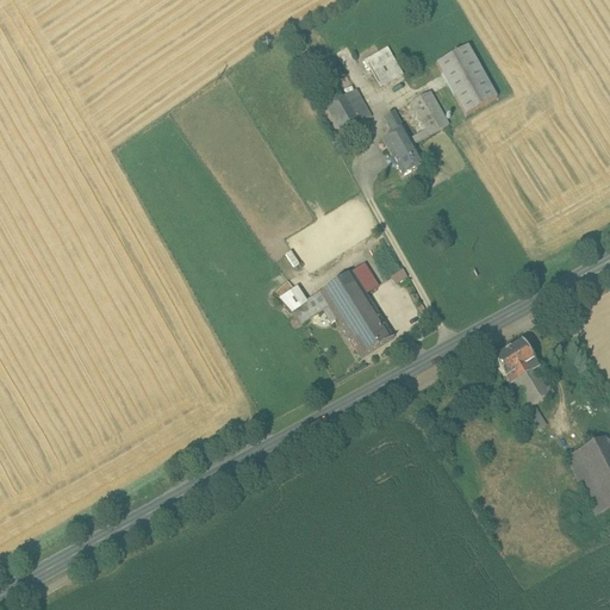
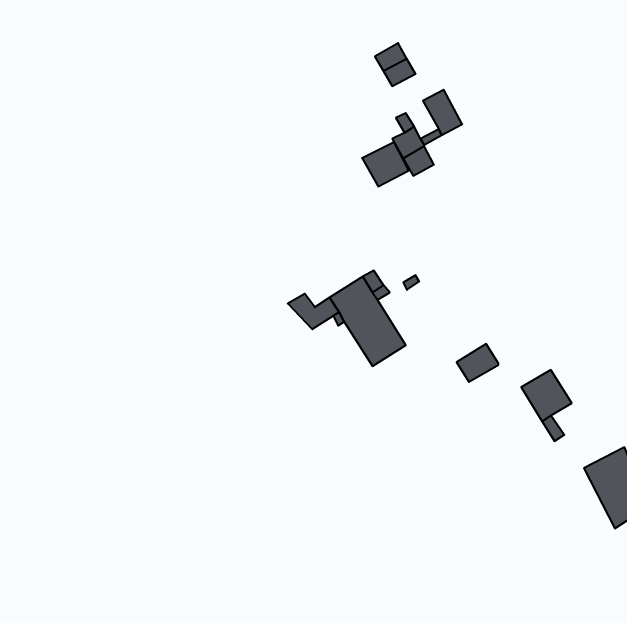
building: [436,42,497,112] -> none
building: [326,86,372,129] -> [362,142,409,186]
building: [494,338,535,375] -> [457,344,498,382]

